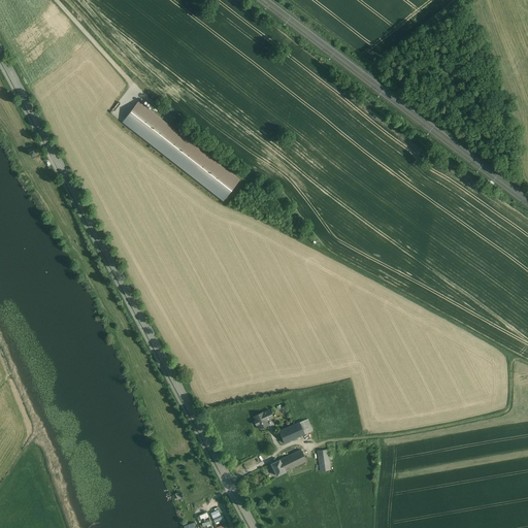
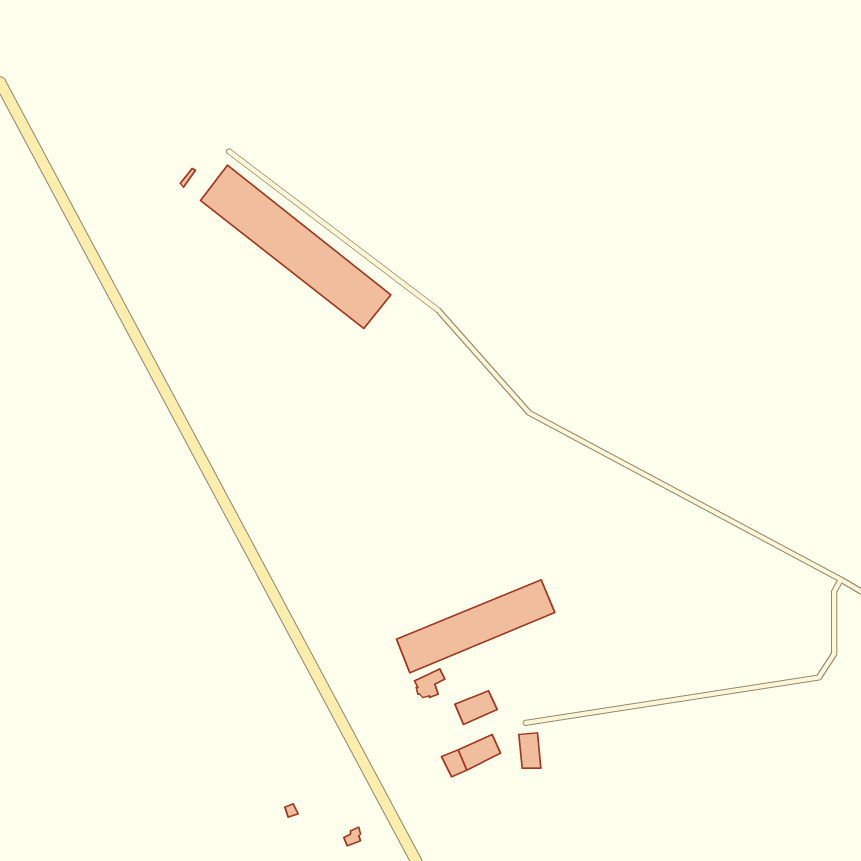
building: none -> [397,580,555,673]

